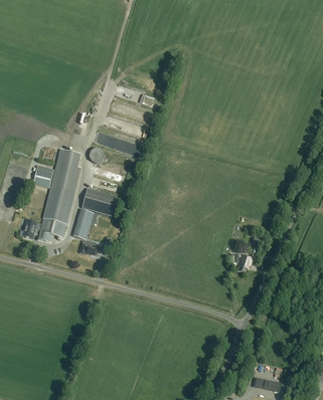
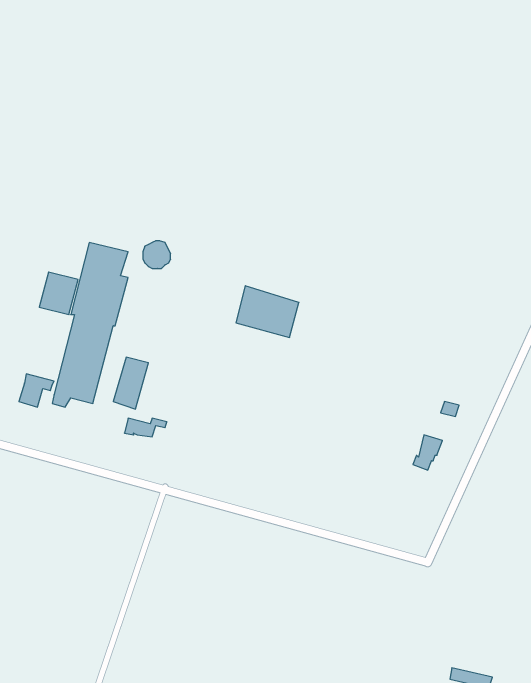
building: [82,187,116,215] -> [236,286,299,337]

